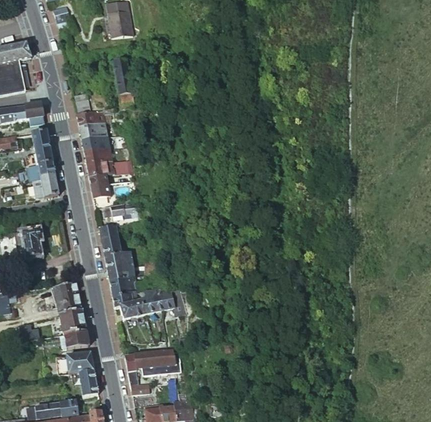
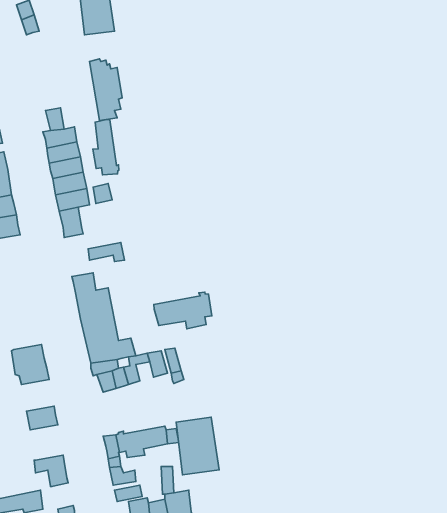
building: none -> [93,119,119,175]
building: none -> [154,292,212,329]
building: [59,311,85,336] -> none
building: none -> [176,417,219,475]
building: [66,352,92,375] -> none

